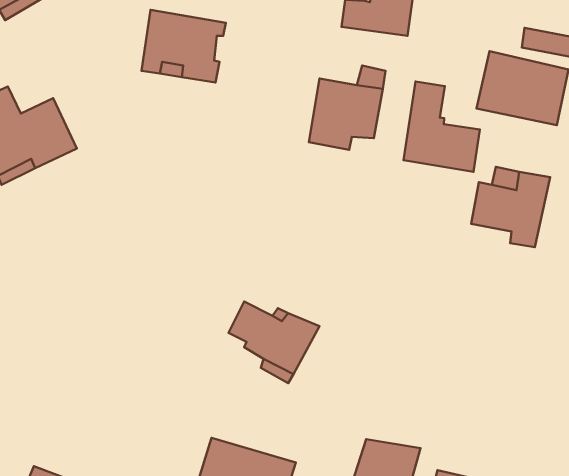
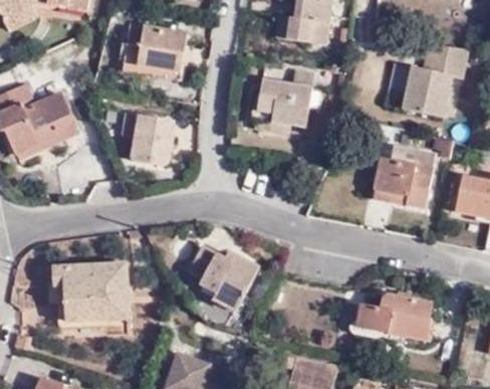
building: [404,82,480,172] -> none
building: none -> [121,114,177,168]
building: none -> [48,261,126,320]
building: none -> [359,294,436,342]

